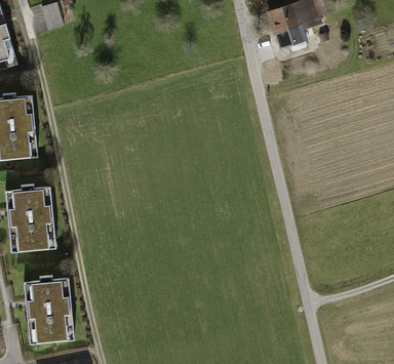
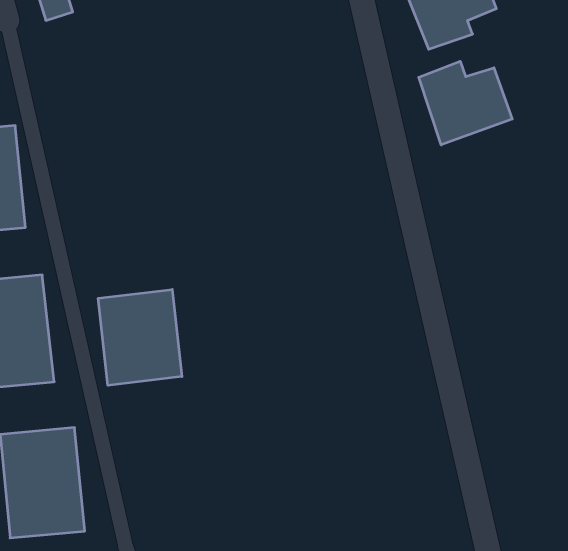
building: none -> [419,61,512,145]
building: none -> [98,289,182,385]

